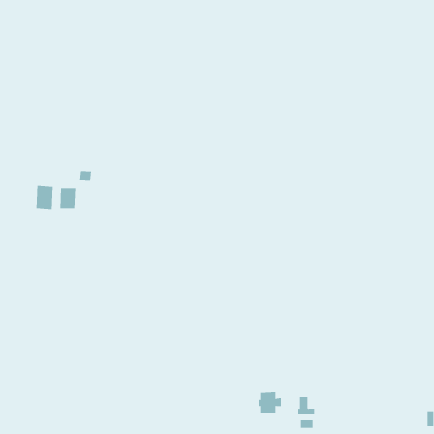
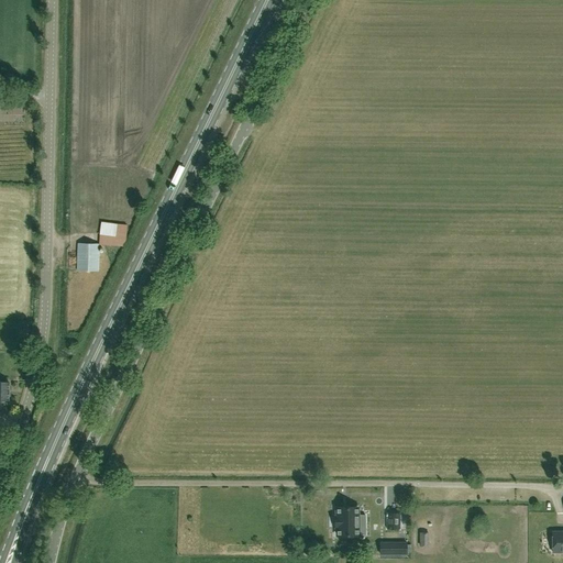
building: [36,185,53,210] -> none

